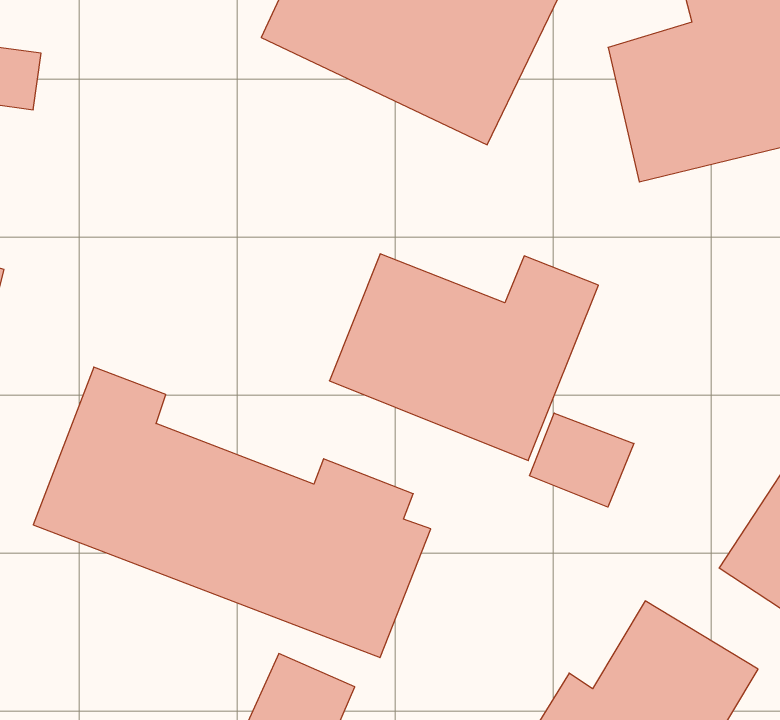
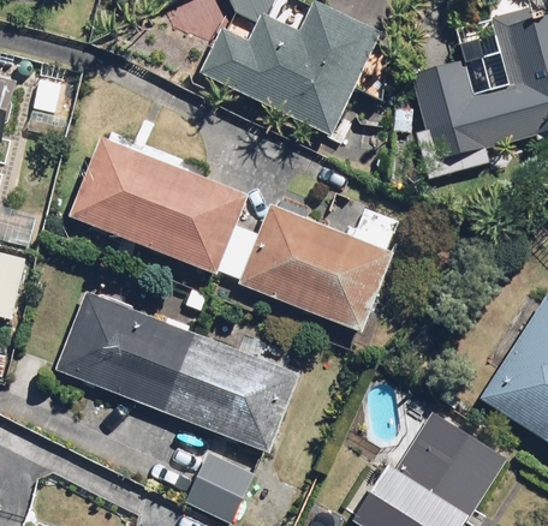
building: none -> [70,135,252,275]
building: [530,413,634,507] -> none

